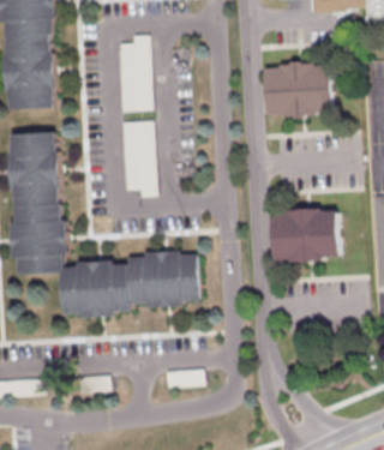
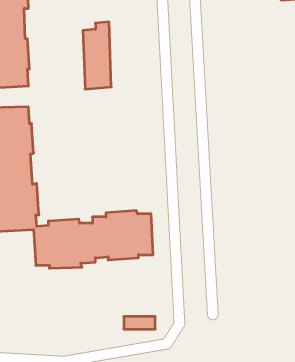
building: [264,61,331,119] -> none
building: [120,121,154,197] -> none
building: [272,206,338,264] -> none

